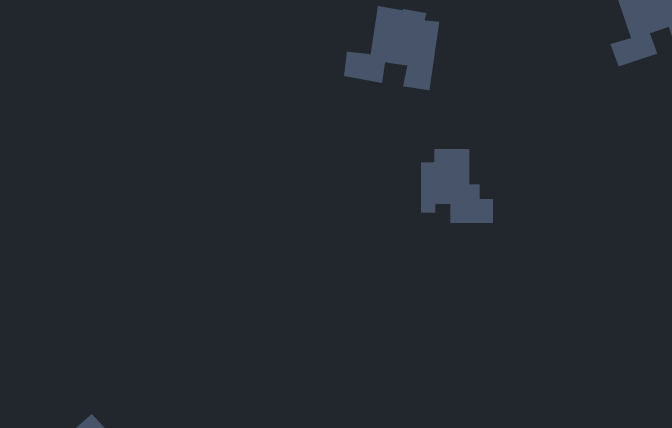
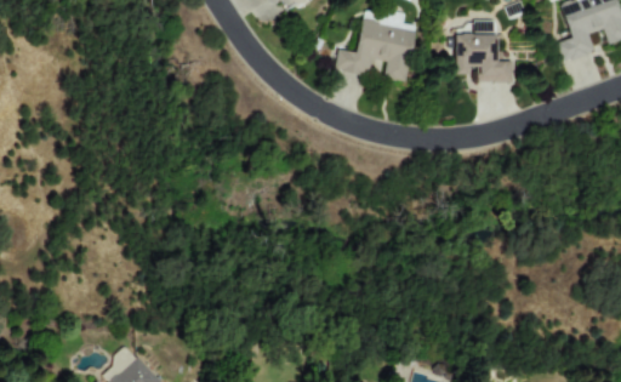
building: [420,149,494,224] -> [455,22,515,84]

